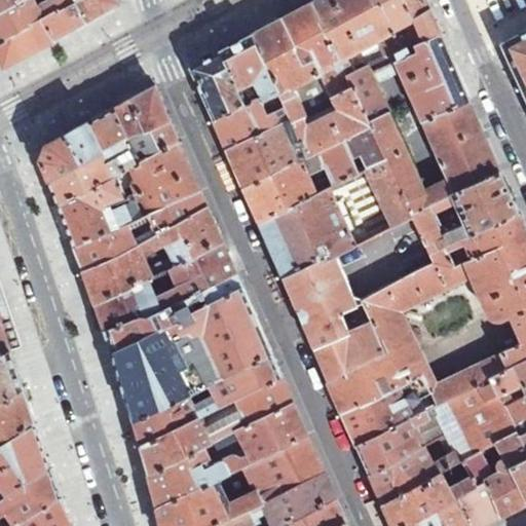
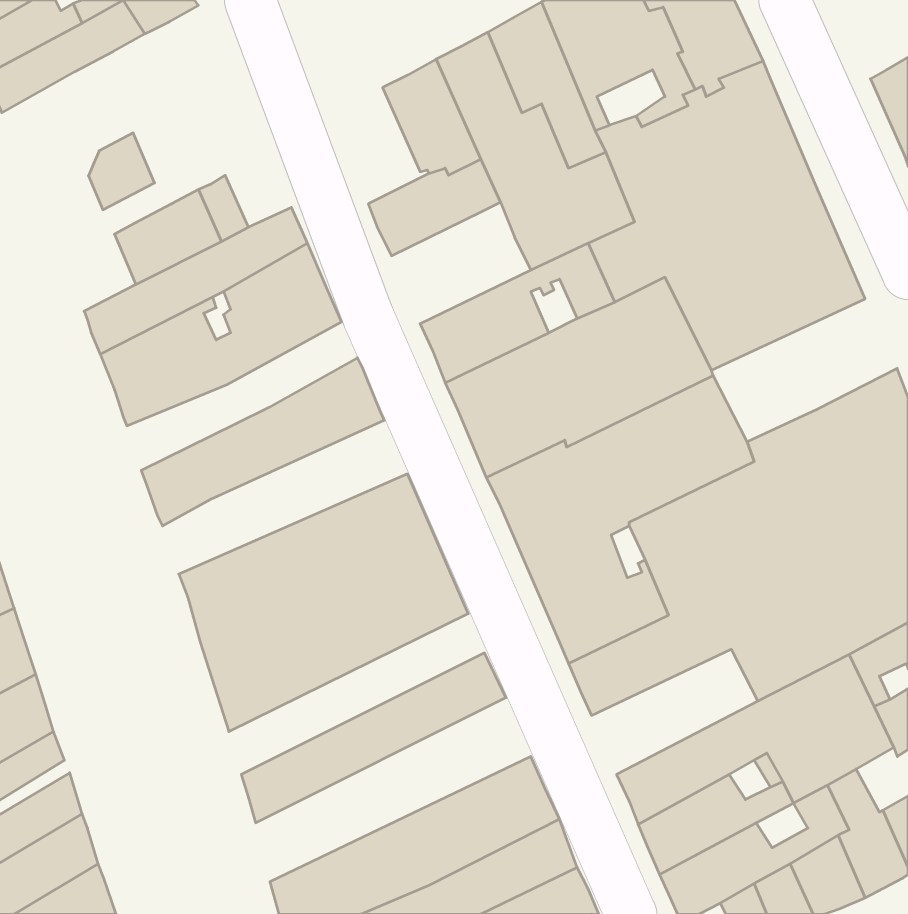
building: [191,50,247,117] -> none
building: [129,87,167,130] -> none
building: [225,121,305,186] -> none
building: [40,135,78,179] -> [88,133,155,210]
building: [409,172,516,254] -> none
building: [73,185,205,270] -> none
building: [93,241,234,330] -> none
building: [132,352,278,445] -> none
building: [340,373,436,445] -> none
building: [147,401,305,506] -> none

